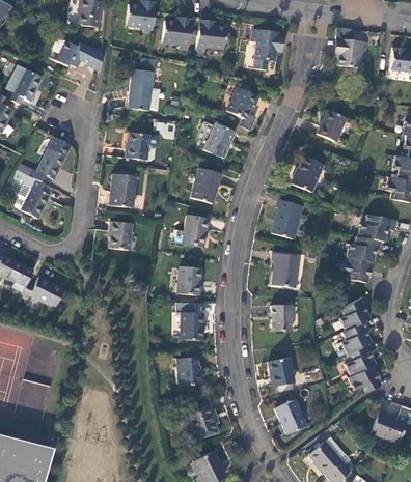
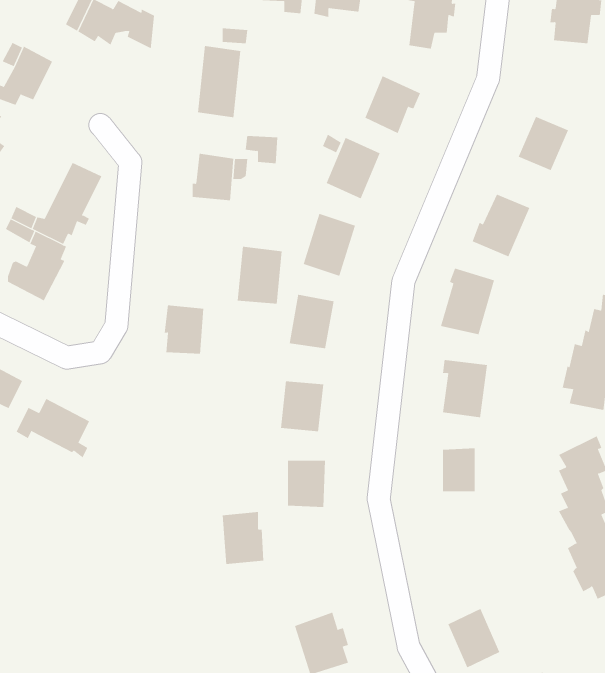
building: [109,173,136,207] -> [237,246,283,304]
building: [176,356,201,387] -> [222,512,264,564]
building: [268,358,294,386] -> none

